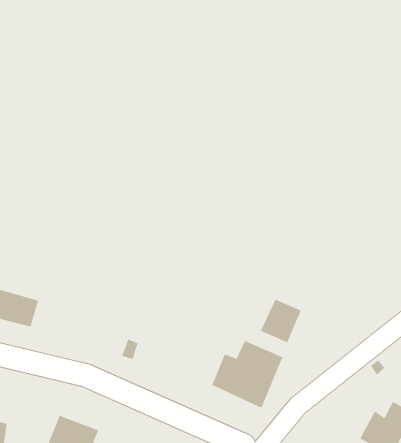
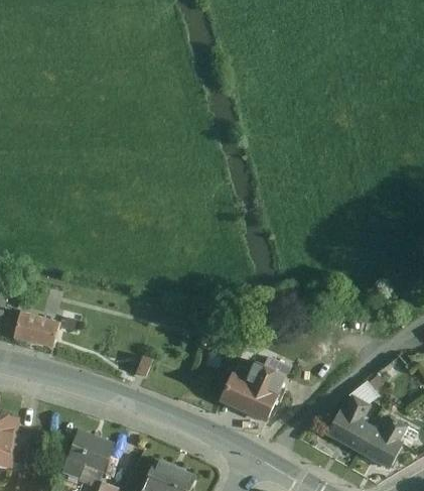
building: [260,299,302,343] -> none
building: none -> [326,394,373,451]

